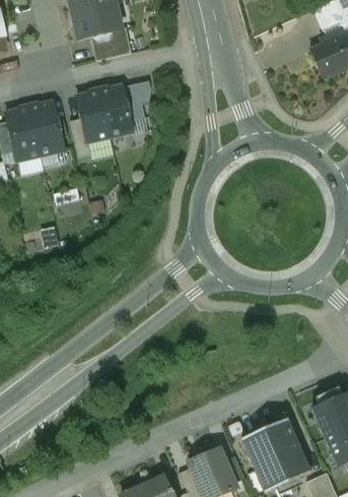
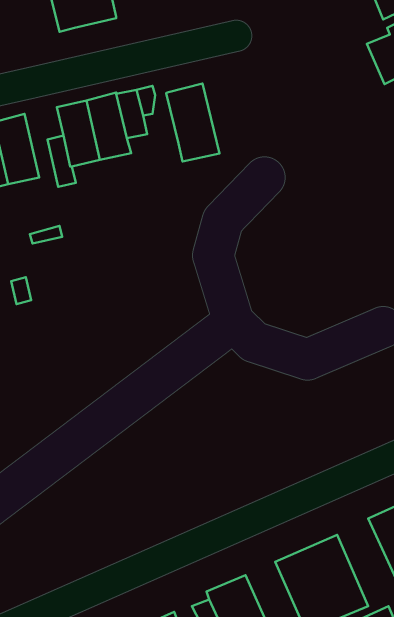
building: [89,26,131,59] -> none
building: none -> [166,84,220,162]

